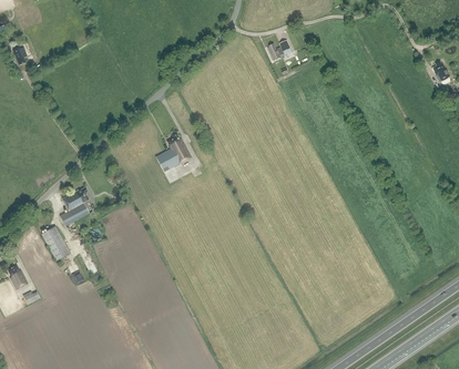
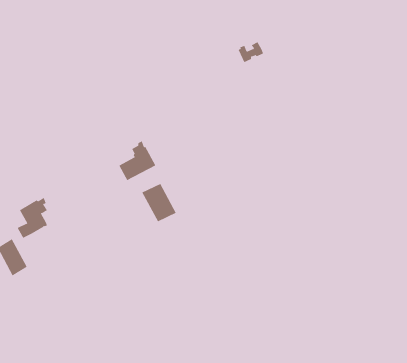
building: none -> [142,183,177,222]

